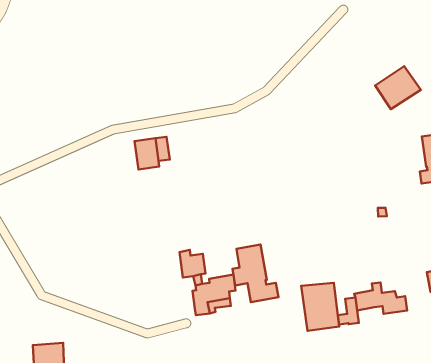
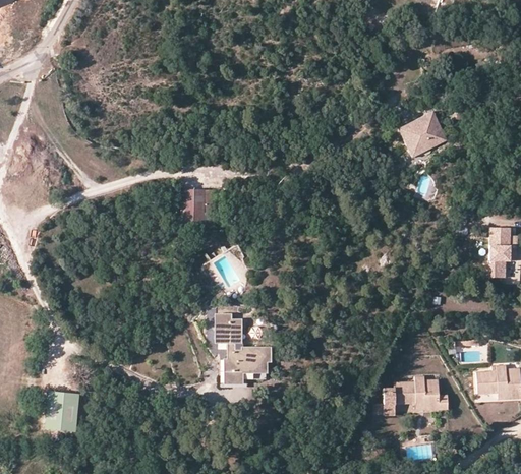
building: [375,66,421,109] -> [399,111,447,155]
building: [232,244,279,302] -> none
building: [301,283,339,331] -> none

